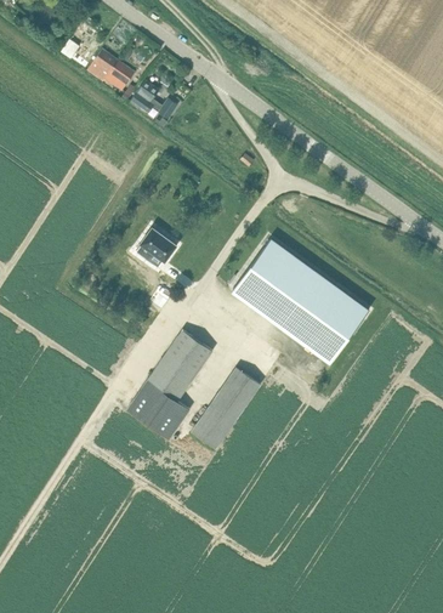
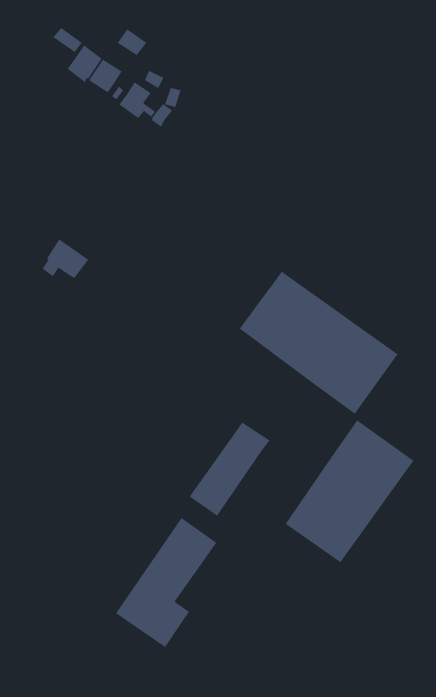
building: [137,227,177,261] -> [42,238,89,279]
building: [126,329,212,439] -> [115,517,217,648]
building: none -> [285,420,416,565]

